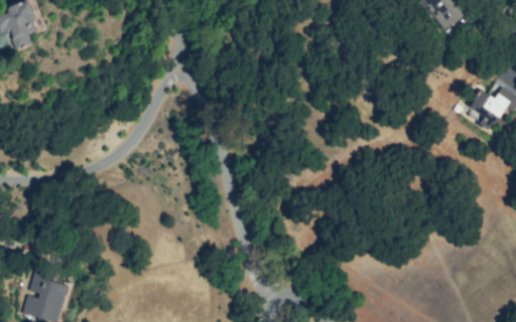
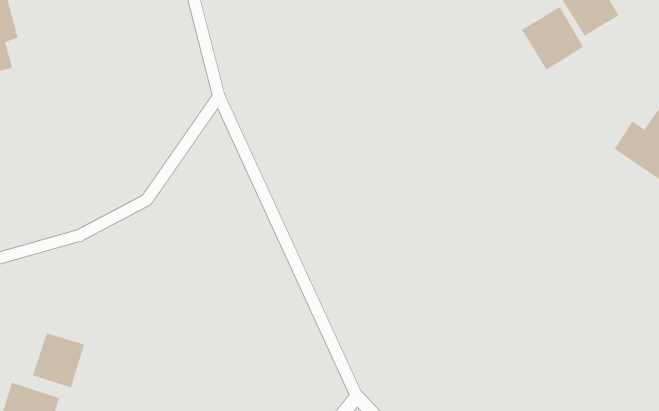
building: none -> [521,6,584,70]
building: none -> [32,332,85,388]

